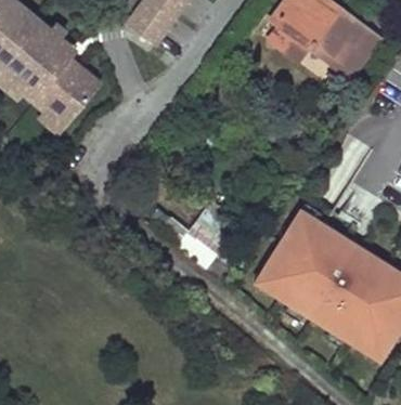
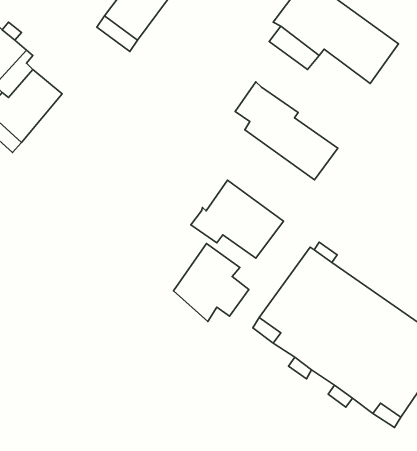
building: none -> [235,82,338,180]
building: none -> [191,180,283,258]

